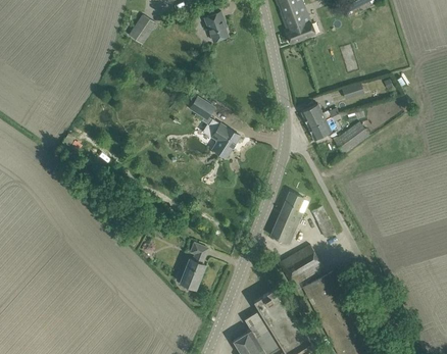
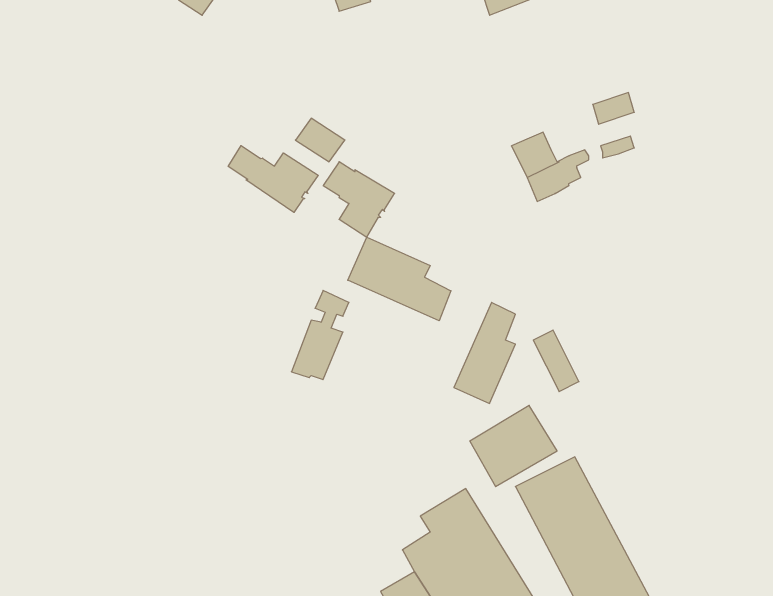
building: none -> [228,146,318,212]
building: [334,121,369,154] -> none
building: none -> [348,237,451,321]
building: [178,243,207,289] -> [291,290,349,380]

